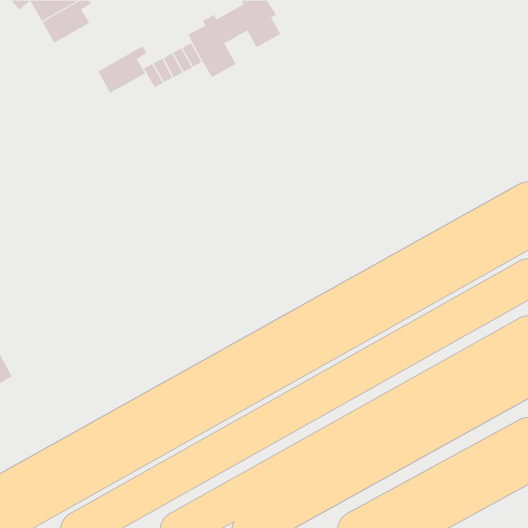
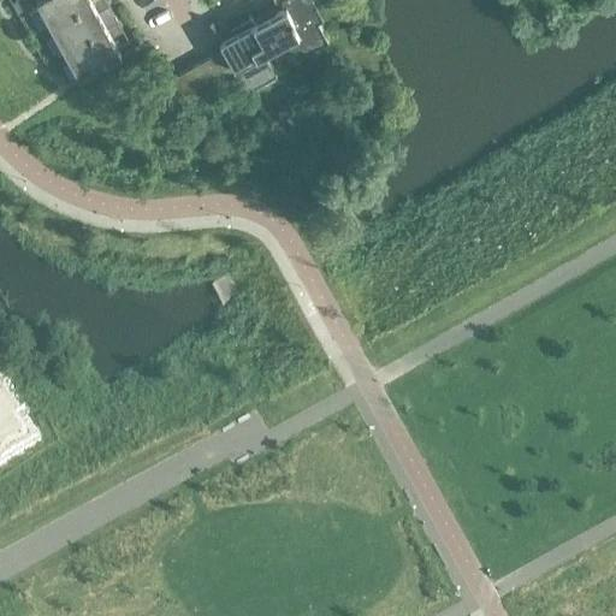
building: [97,46,147,93] -> [63,23,120,78]

